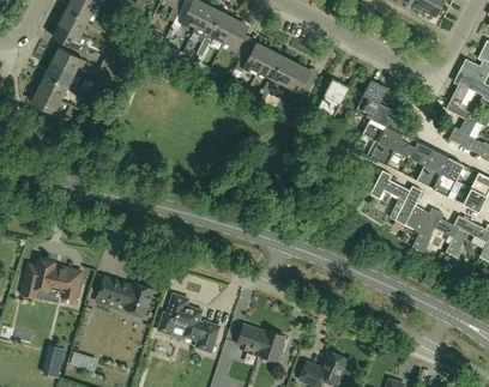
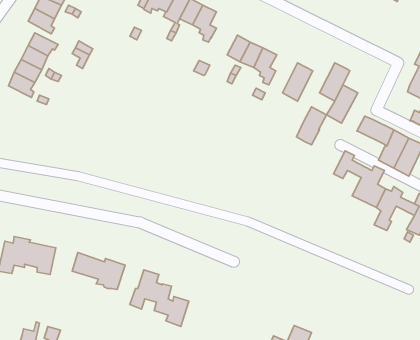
building: [235,43,270,72] -> none
building: [370,126,402,165] -> [297,107,327,145]
building: [237,323,285,361] -> none

